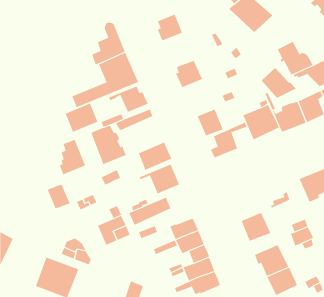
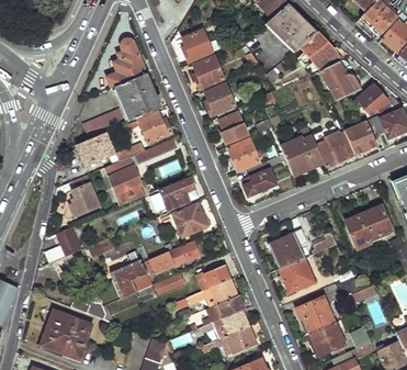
building: none -> [192,56,223,88]
building: [261,67,297,98] -> [303,33,344,69]
building: none -> [217,106,248,144]
building: none -> [268,228,307,268]

